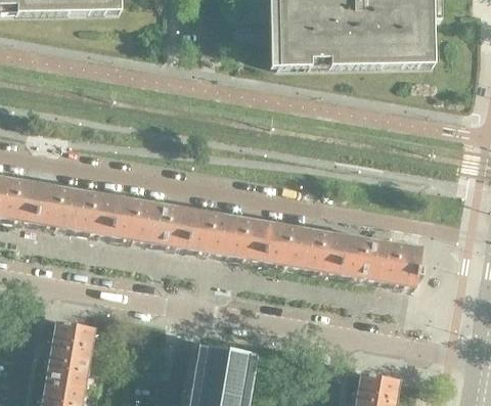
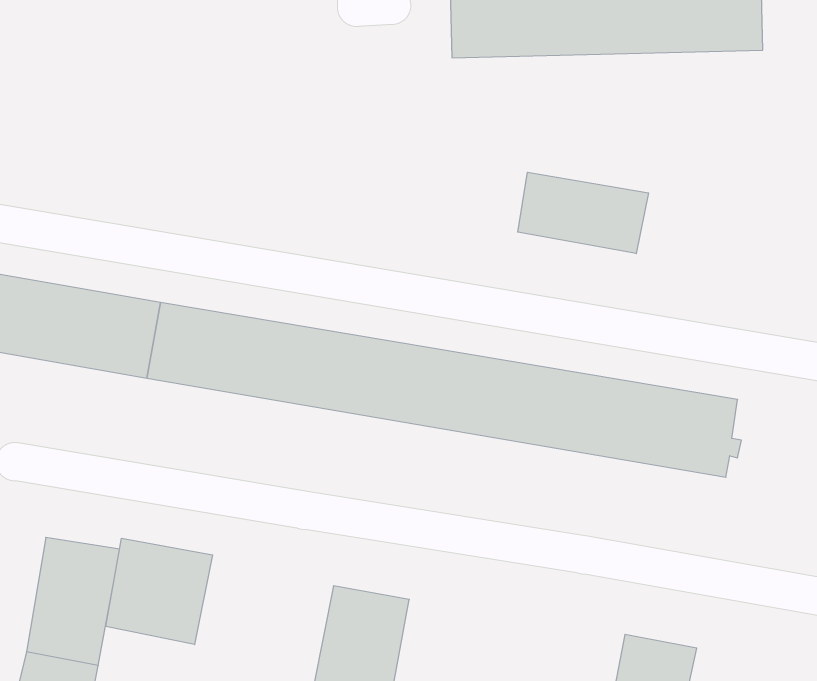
building: none -> [518,172,649,254]
building: none -> [106,538,213,645]

